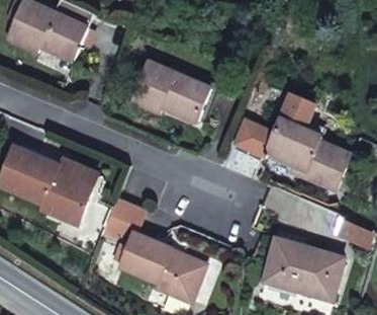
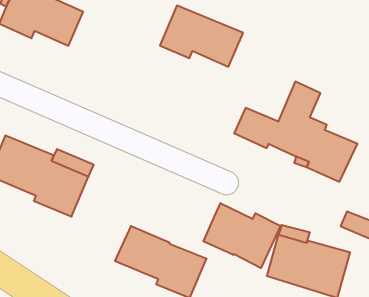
building: [131,62,211,121] -> [160,6,243,67]
building: [100,198,144,246] -> none
building: none -> [203,203,280,268]

